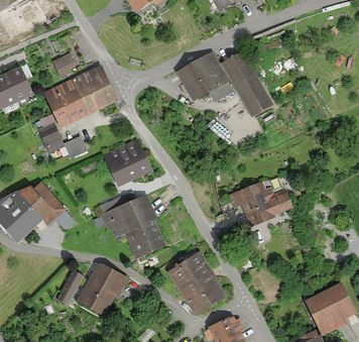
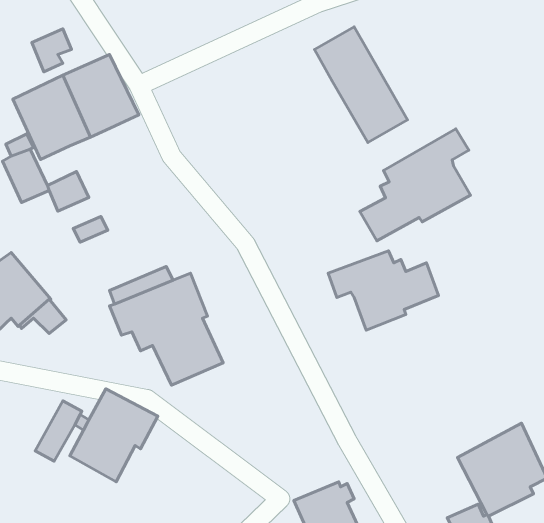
building: [175,49,234,102] -> none
building: none -> [360,129,470,241]
building: [102,138,152,187] -> none
building: [166,250,227,316] -> none

